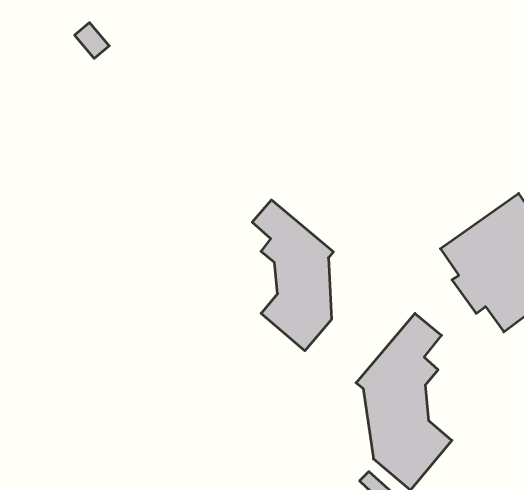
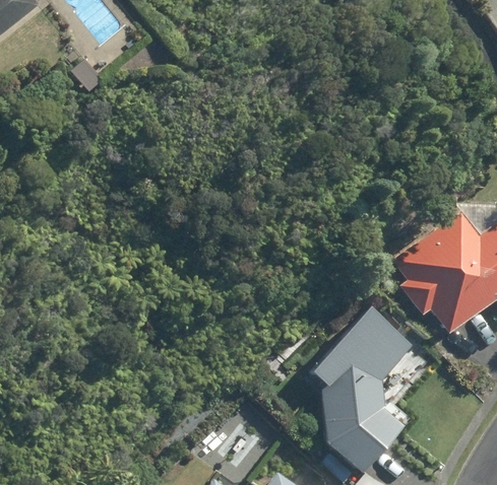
building: [252,200,333,351] -> none

